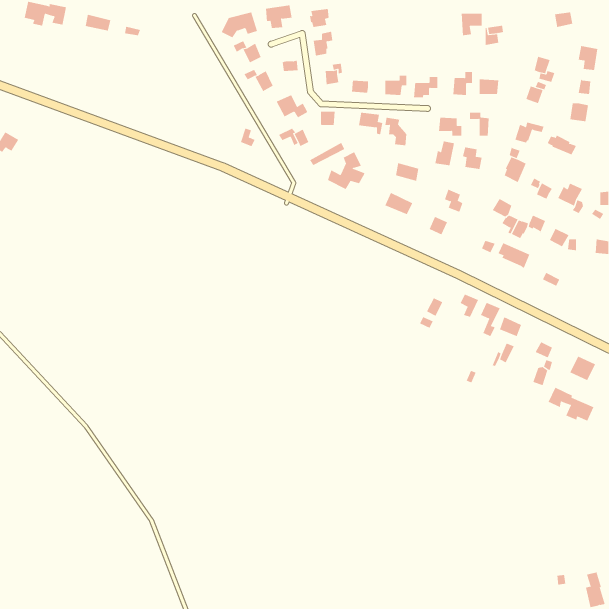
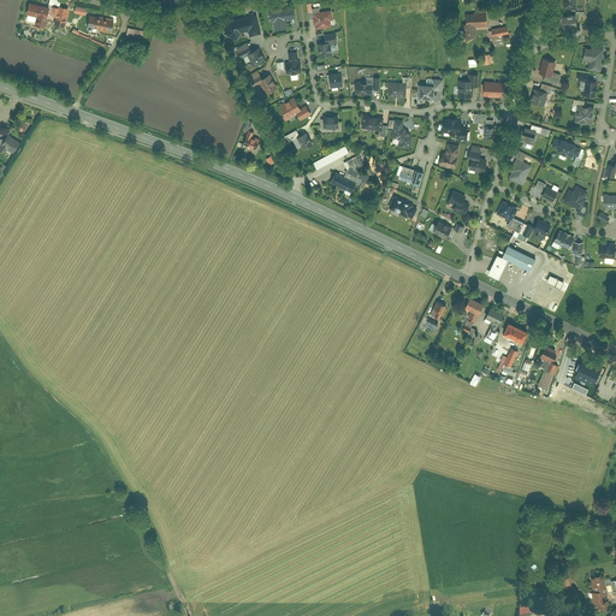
building: [548,387,594,421] -> none

